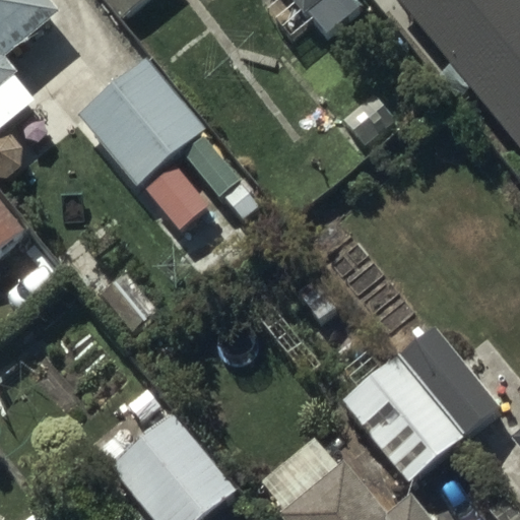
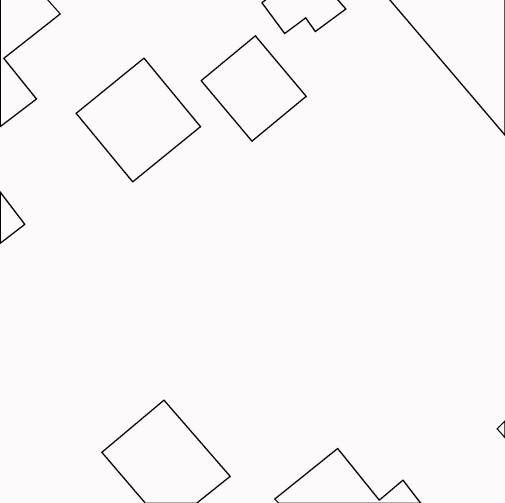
building: none -> [201,36,306,141]
building: [341,326,501,482] -> none

